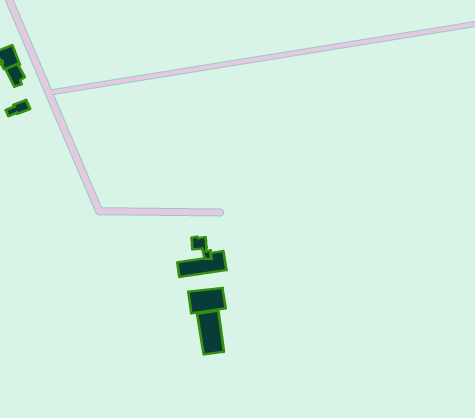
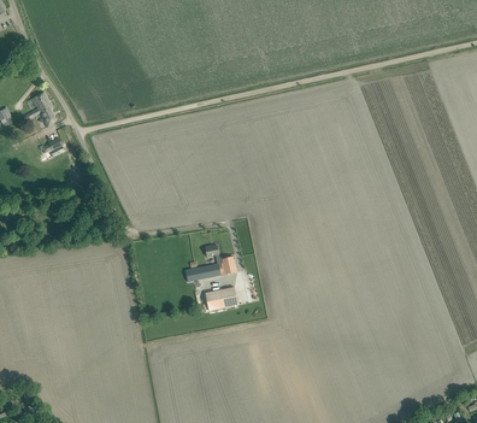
building: [197,311,224,354] -> none

